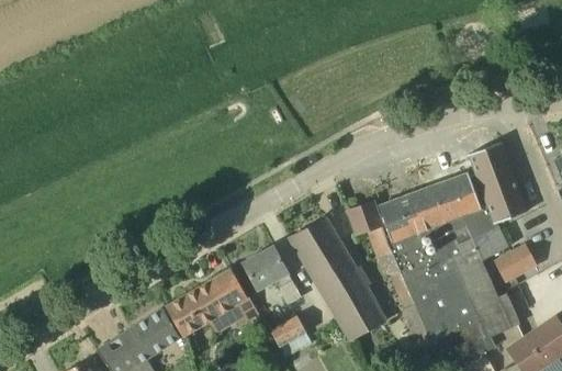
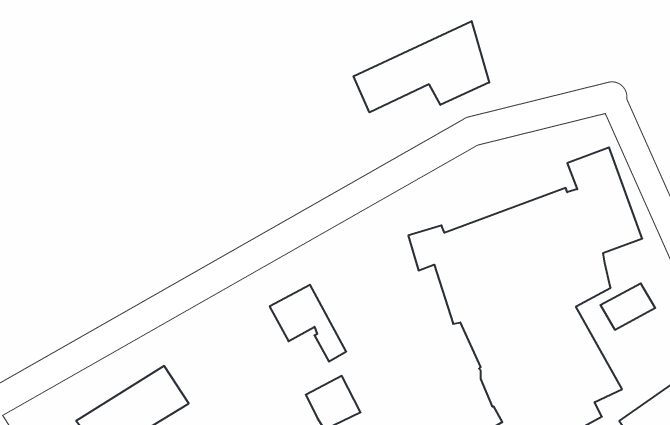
building: none -> [354,21,489,112]
building: [290,217,381,341] -> none
building: [166,269,259,336] -> none

